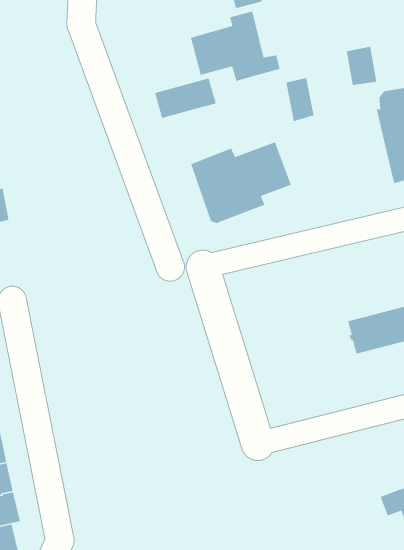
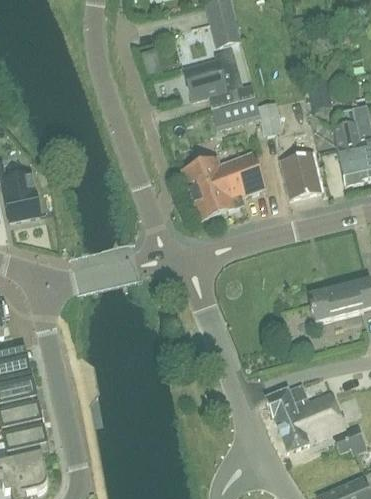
building: [154,78,217,119] -> [211,96,261,129]
building: none -> [281,152,321,198]
building: none -> [266,383,345,452]

